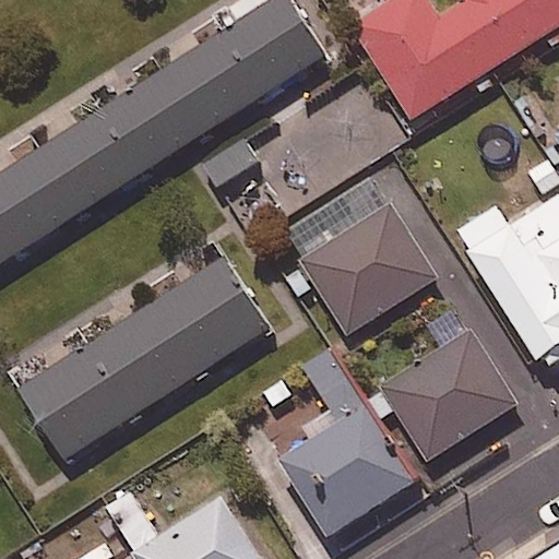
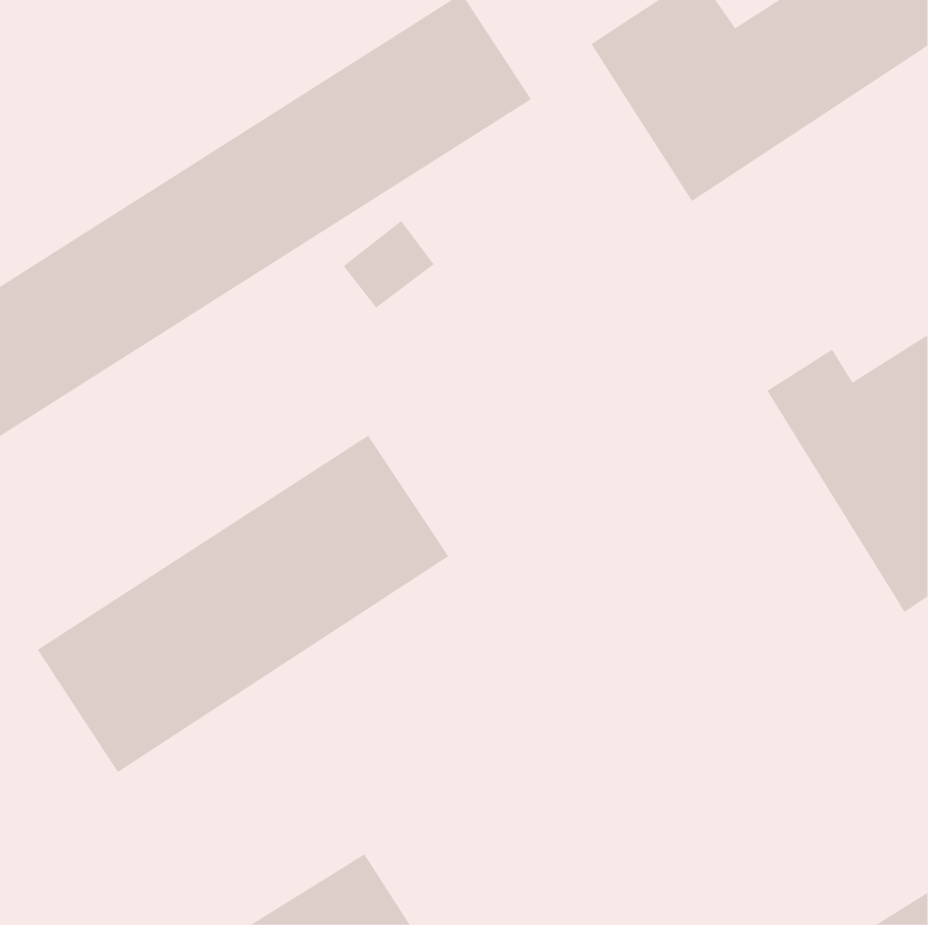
building: [301,203,439,336] -> none
building: [383,334,513,455] -> none
building: [282,415,408,537] -> none

